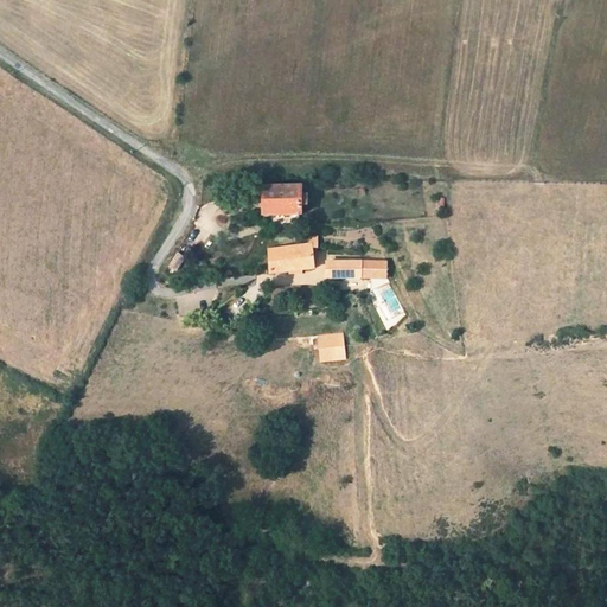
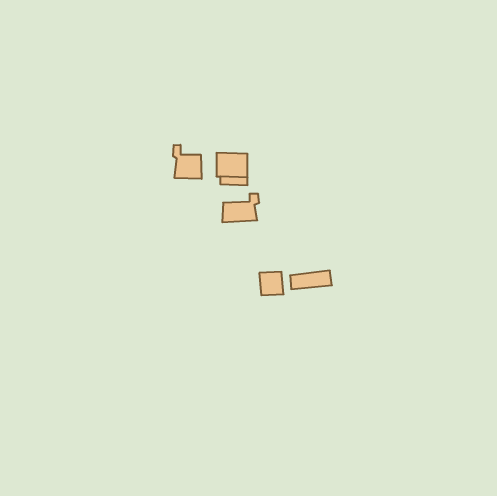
building: none -> [173,145,202,179]
building: [326,255,377,277] -> [290,271,332,289]

